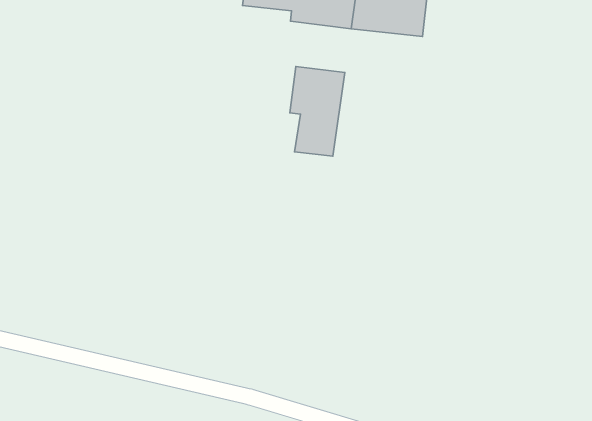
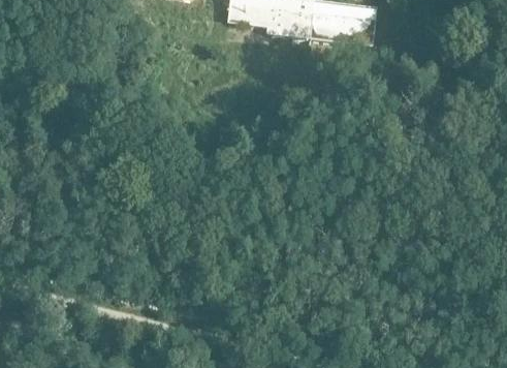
building: [290,66,345,156] -> none

